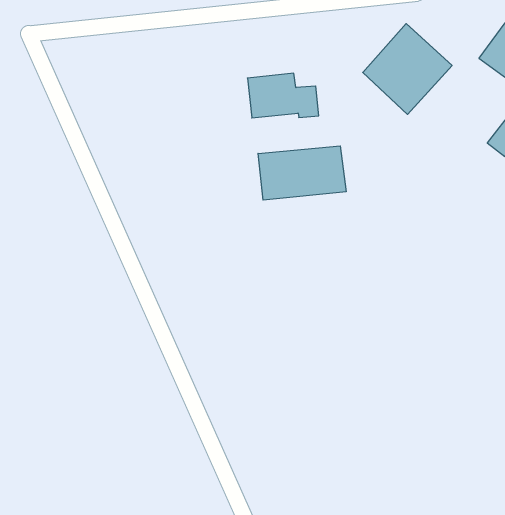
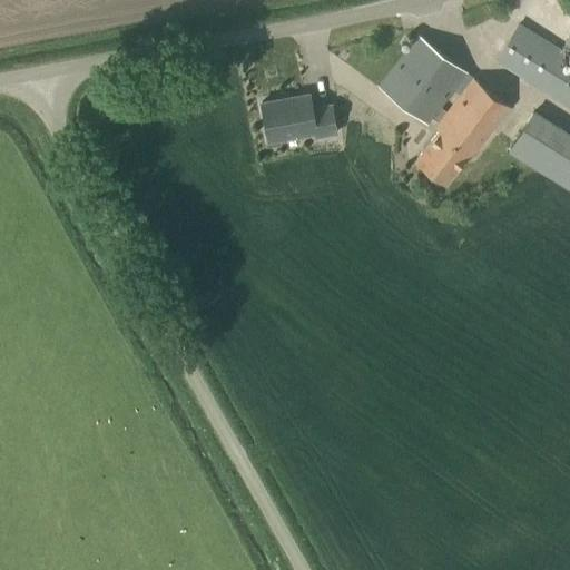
building: none -> [416,80,511,185]
building: [258,146,346,200] -> none

